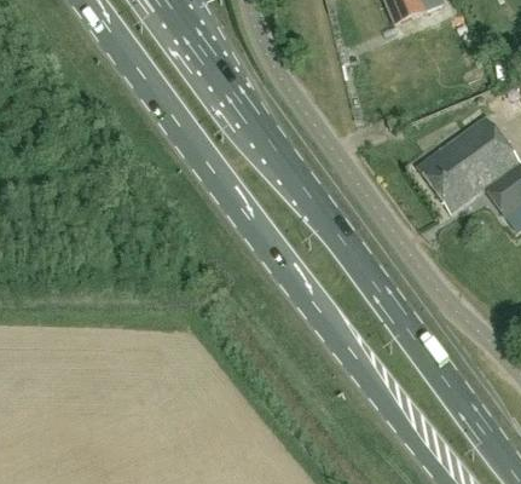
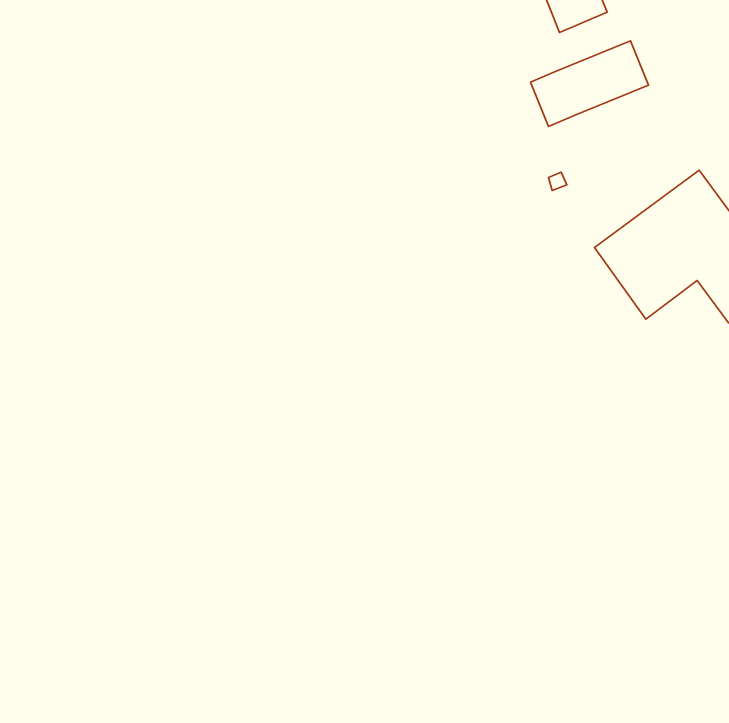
building: none -> [530,41,649,127]

